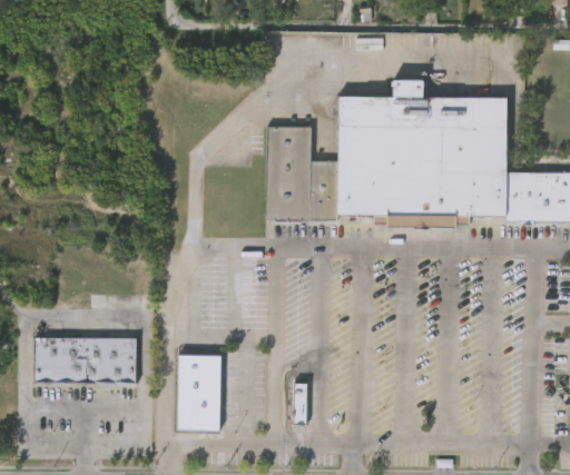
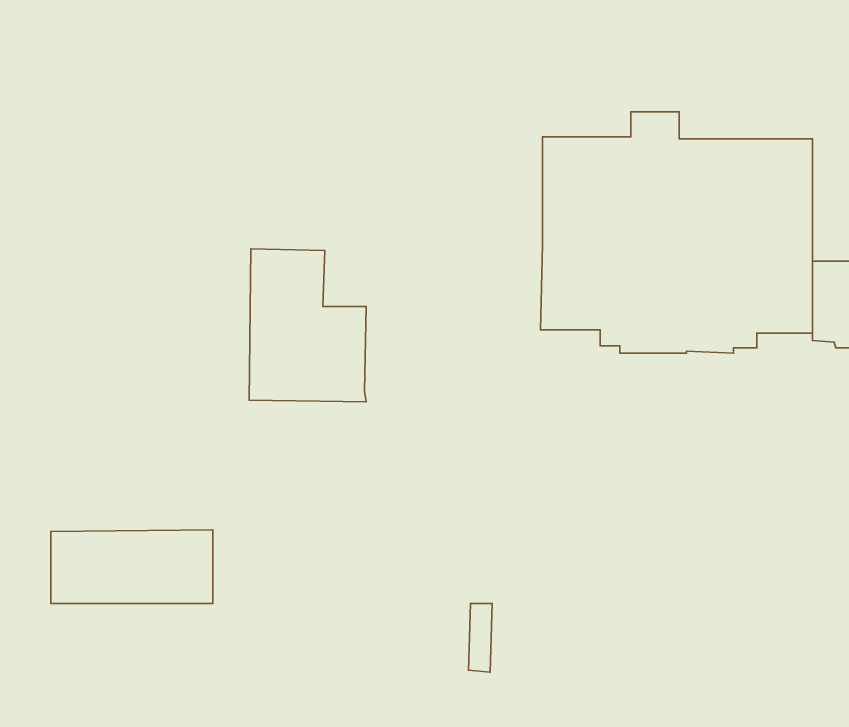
building: [266,126,338,220] -> [249,249,366,402]
building: [177,354,222,432] -> none

